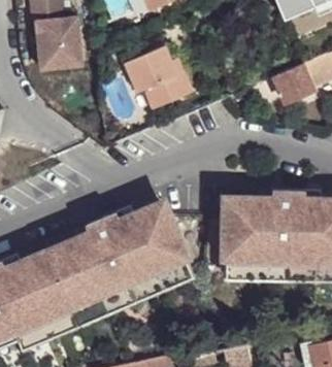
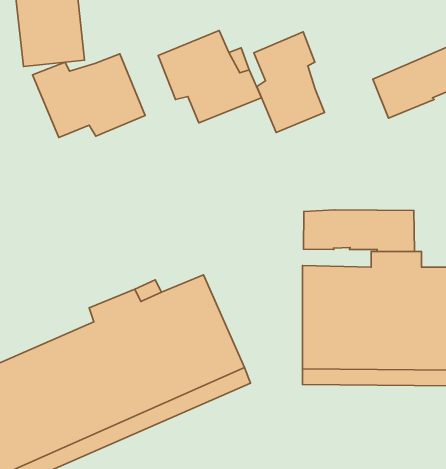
building: none -> [254,32,325,132]
building: none -> [32,54,145,138]
building: none -> [304,210,415,251]

